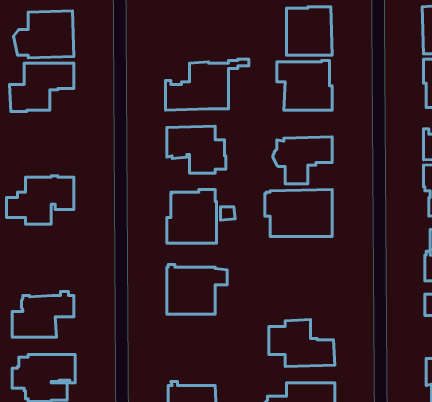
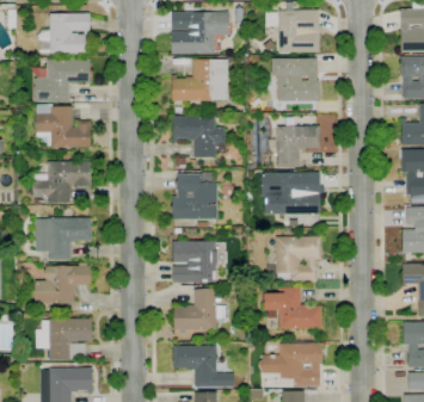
building: none -> [172,12,229,54]
building: none -> [35,104,91,148]
building: none -> [36,217,92,260]
building: none -> [276,236,321,282]
building: none -> [174,290,227,330]

